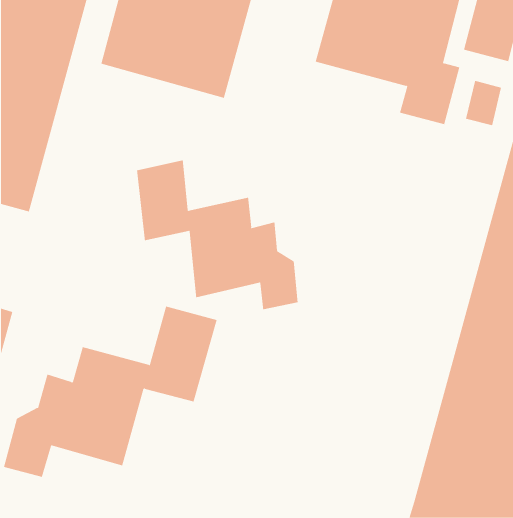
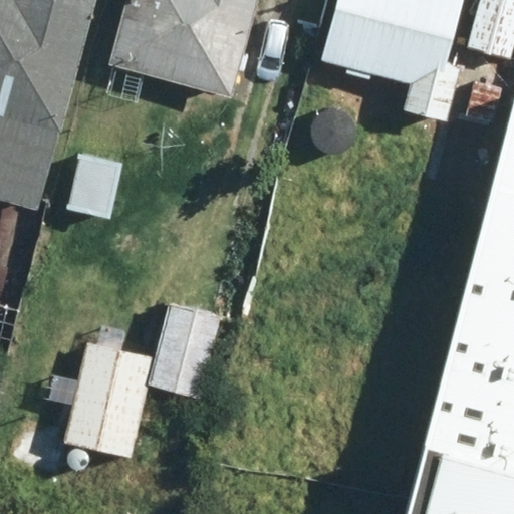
building: [137,159,298,310] -> none

